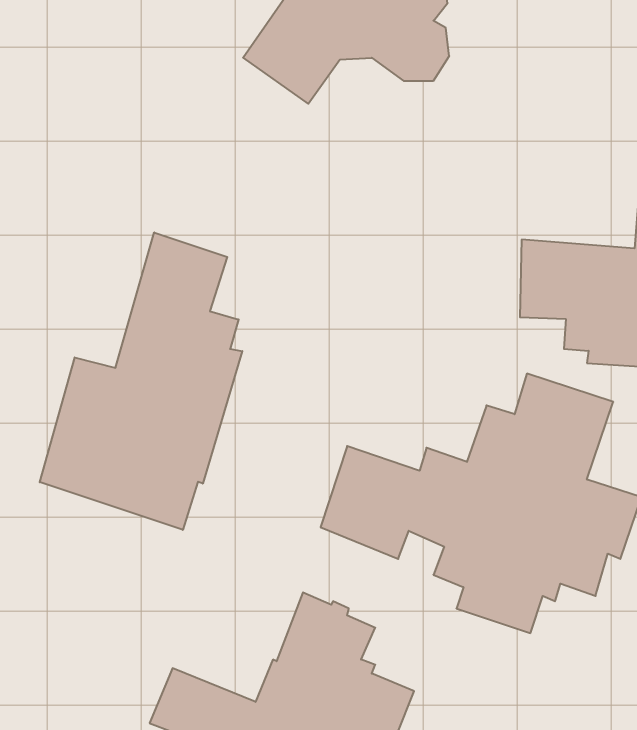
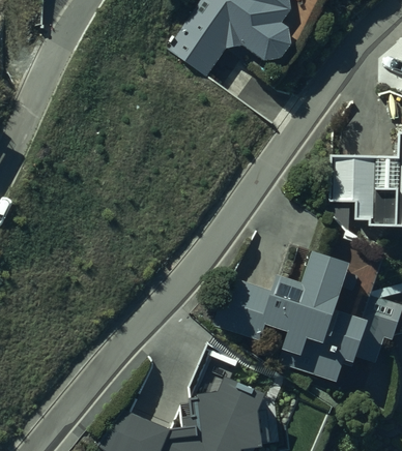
building: [40,232,242,530] -> none

